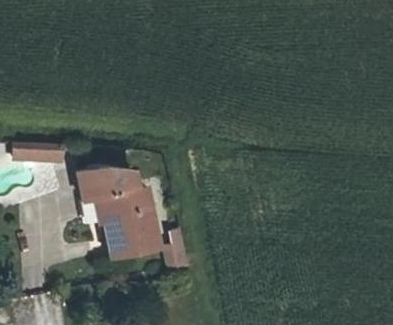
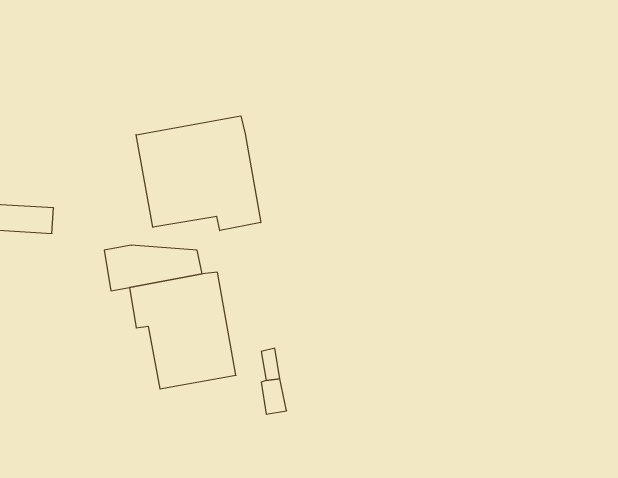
building: none -> [136,116,261,231]

